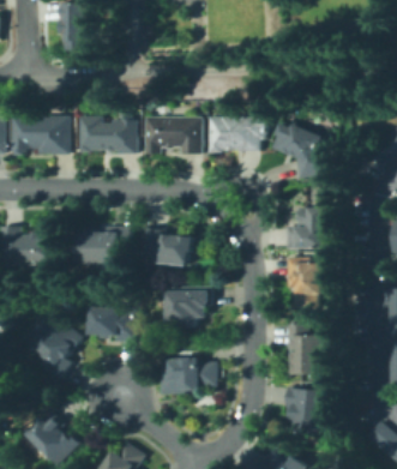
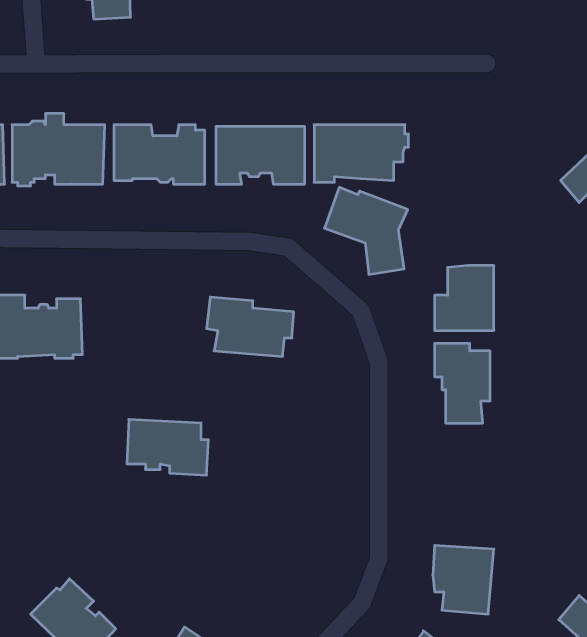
building: [269,122,323,179] -> [324,187,408,274]
building: [77,227,130,264] -> none
building: [164,287,209,329] -> none
building: [28,321,80,380] -> none
building: [284,324,321,375] -> none
building: [158,357,215,395] -> none

